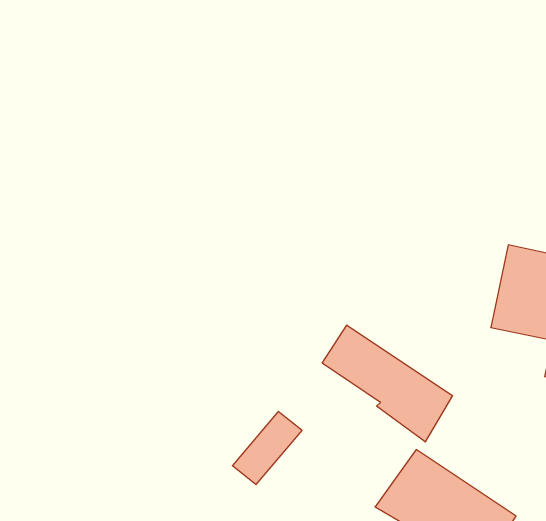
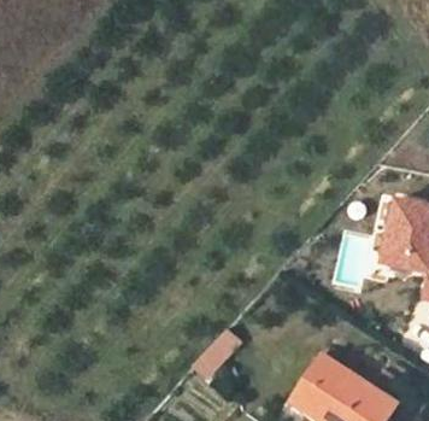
building: [322,325,453,442] -> none

